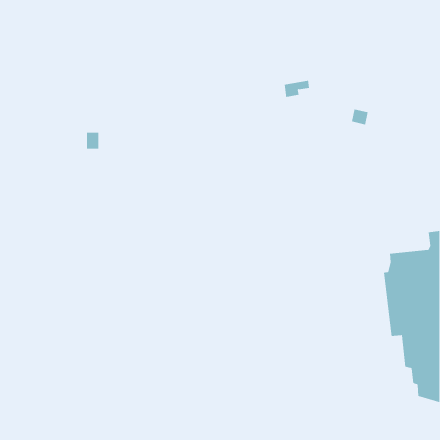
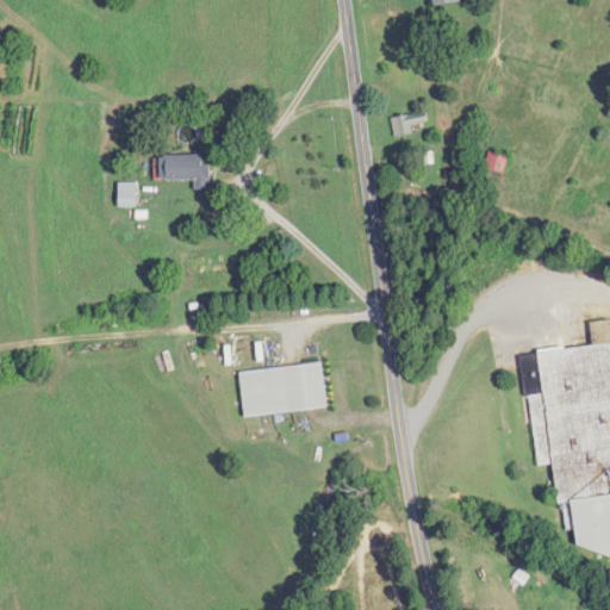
building: none -> [161,155,207,187]
building: none -> [241,362,328,417]

